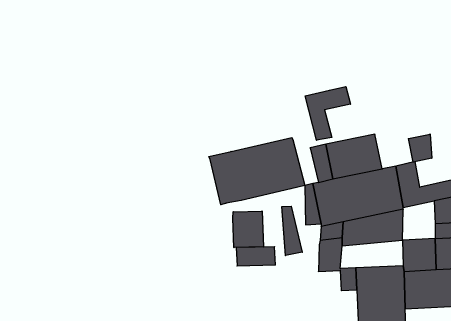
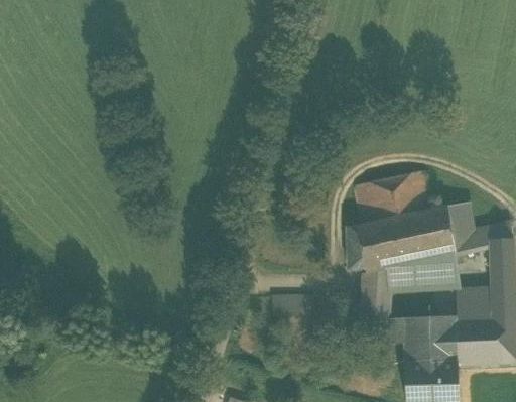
building: [305,87,350,140] -> none
building: [408,134,432,162] -> none
building: [209,138,305,205] -> none
building: [282,206,302,256] -> none
building: [233,211,264,248] -> none

